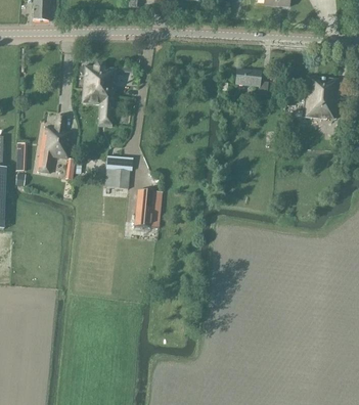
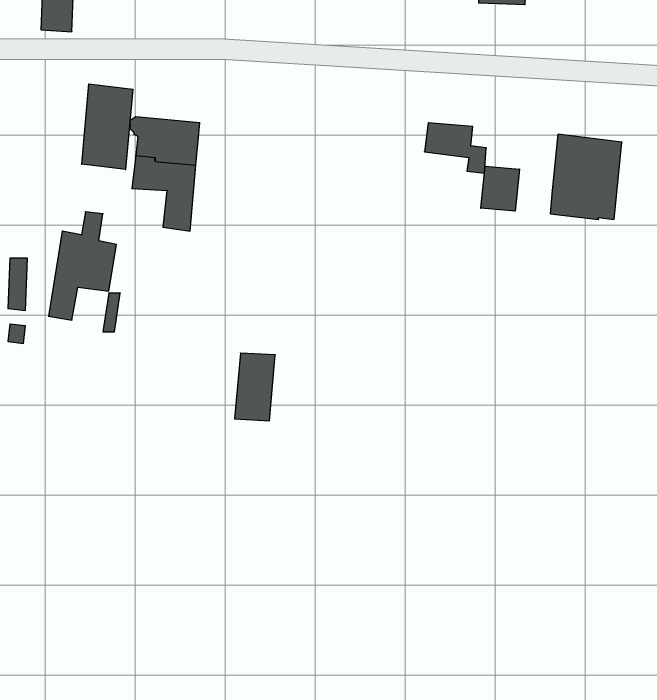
building: none -> [82,84,133,170]
building: none -> [481,166,520,211]
building: [104,156,133,189] -> none

